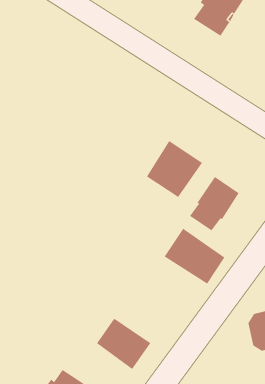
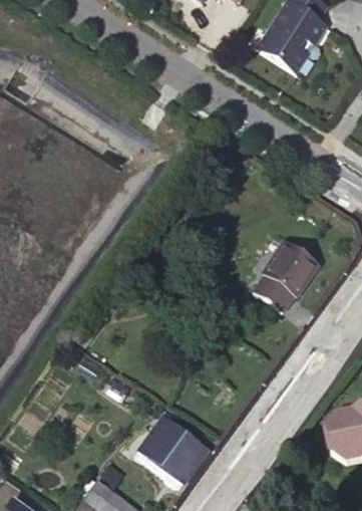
building: [146,140,203,198] -> none
building: [164,228,225,285] -> none

